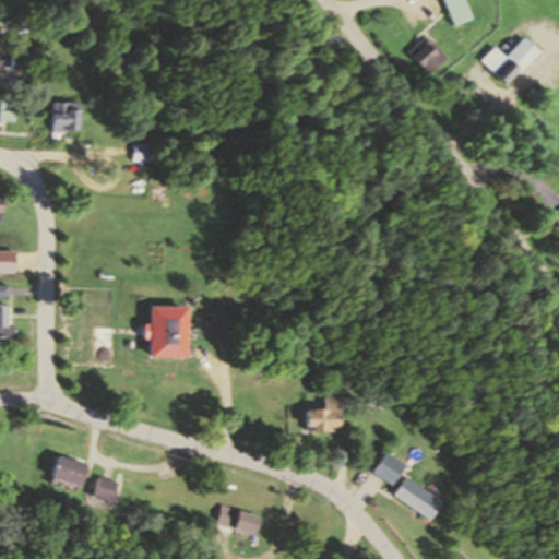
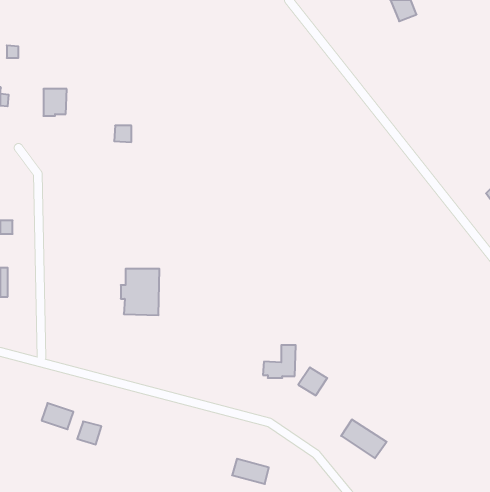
building: [481,37,540,84] -> none
building: [409,40,448,75] -> none
building: [371,453,404,485] -> [298,367,327,395]
building: [218,507,260,535] -> [232,459,269,484]

